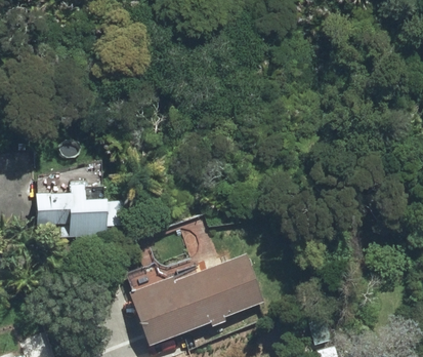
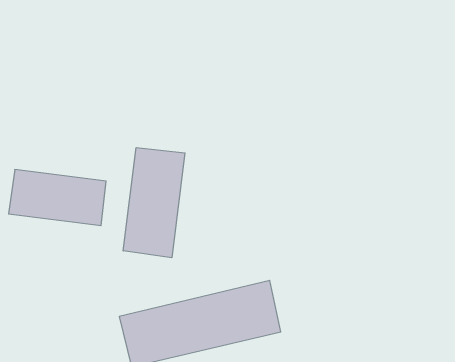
building: none -> [123,148,185,258]

